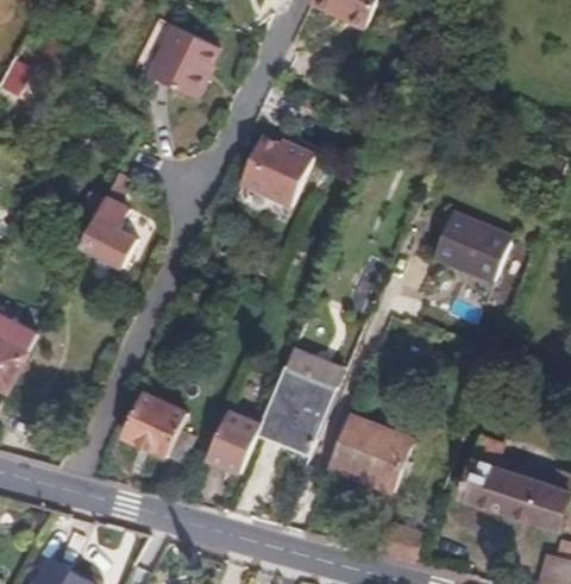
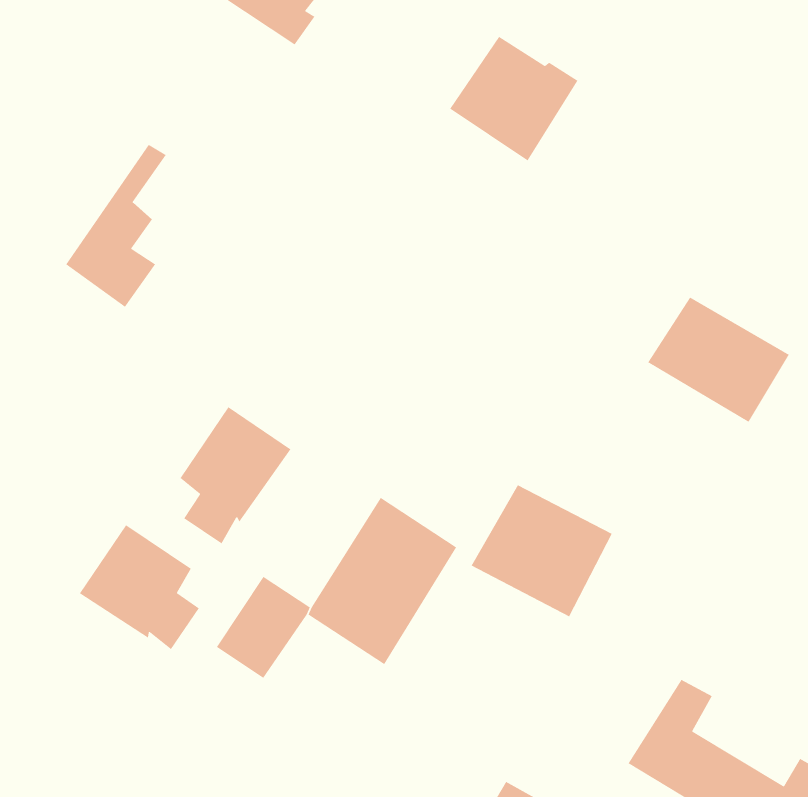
building: [237,134,310,206] -> [449,36,579,161]
building: none -> [180,406,291,544]
building: [326,412,407,485] -> [471,484,613,618]

